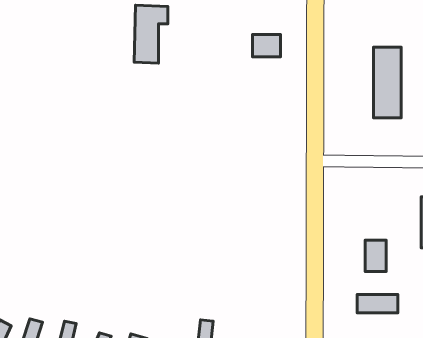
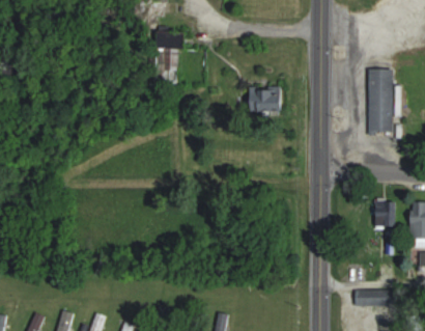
building: [252,35,280,57] -> [260,90,285,110]
building: [365,240,386,272] -> [375,199,394,227]

